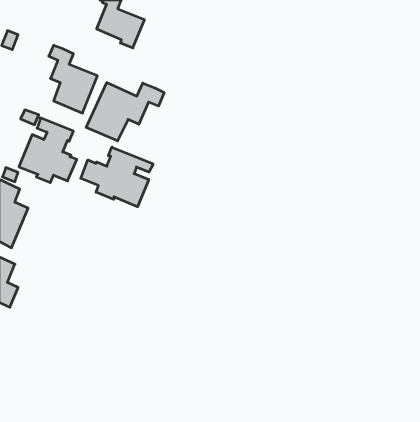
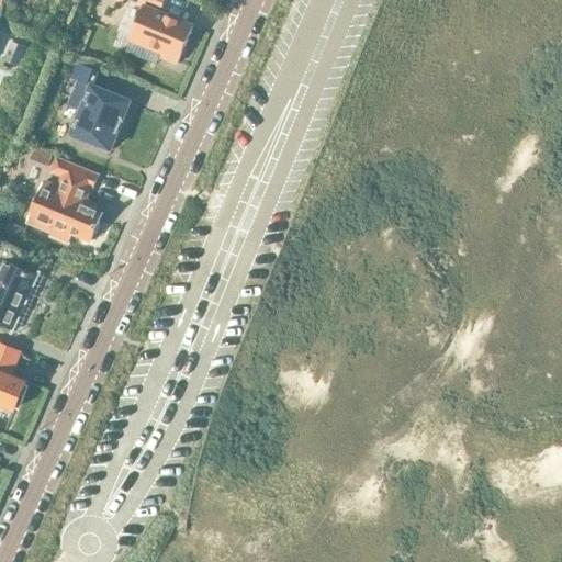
building: [86,83,164,141] -> none
building: [81,147,153,207] -> none

